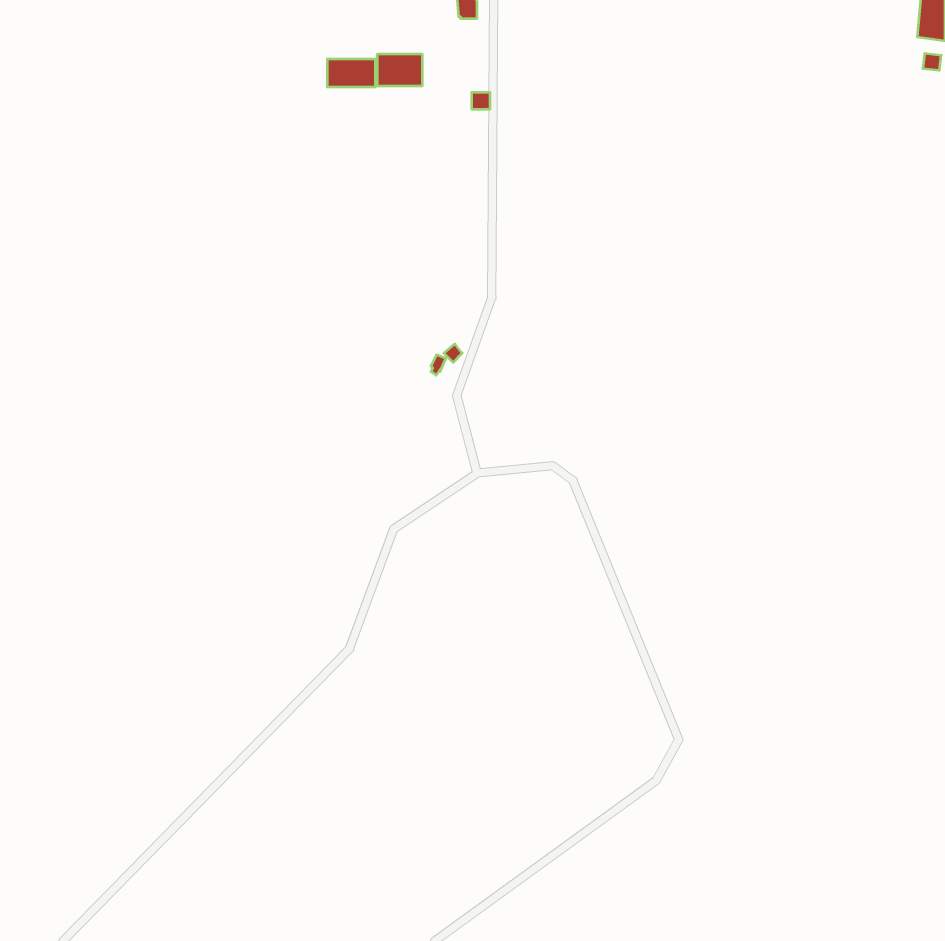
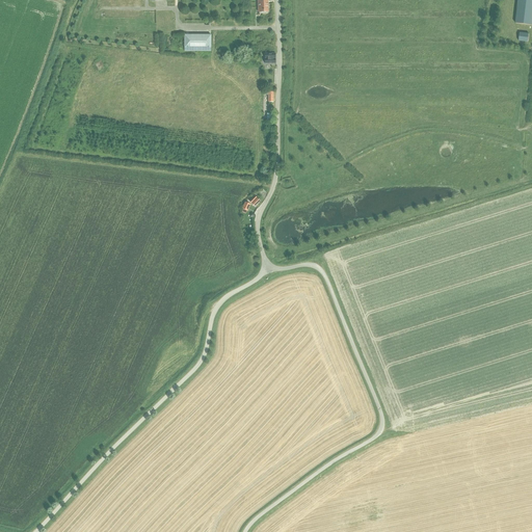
building: [378,54,422,86] -> none

